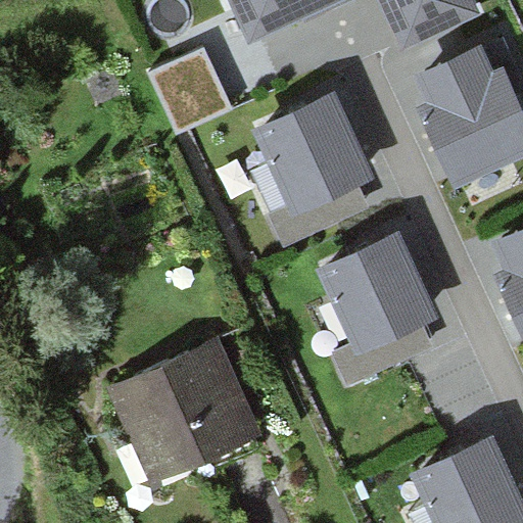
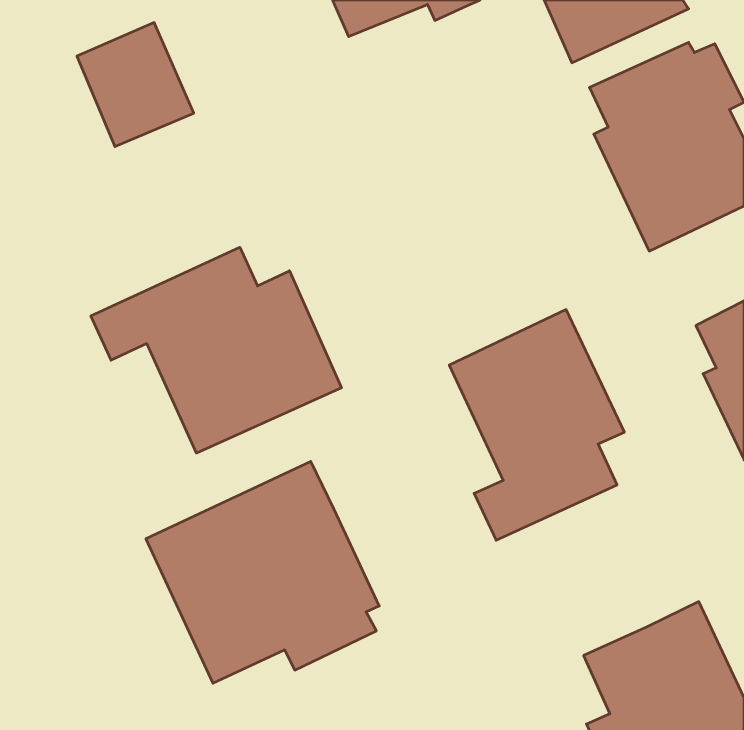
building: [156,55,238,142] -> [77,23,194,147]
building: [250,89,375,251] -> none
building: none -> [91,247,341,453]

